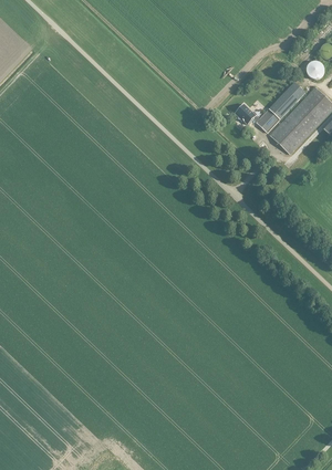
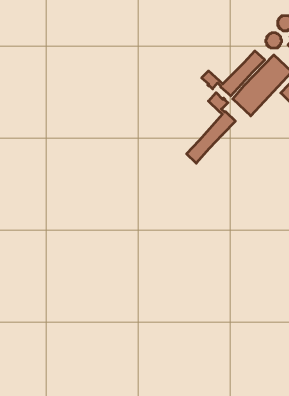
building: none -> [187,93,235,163]

